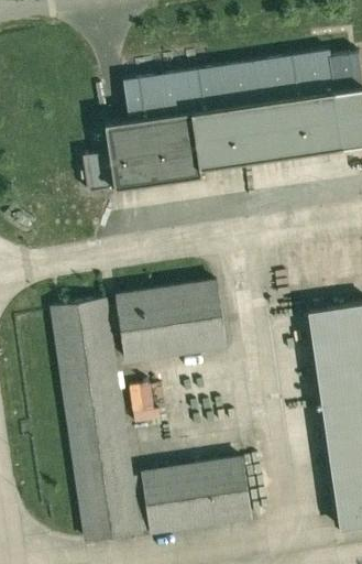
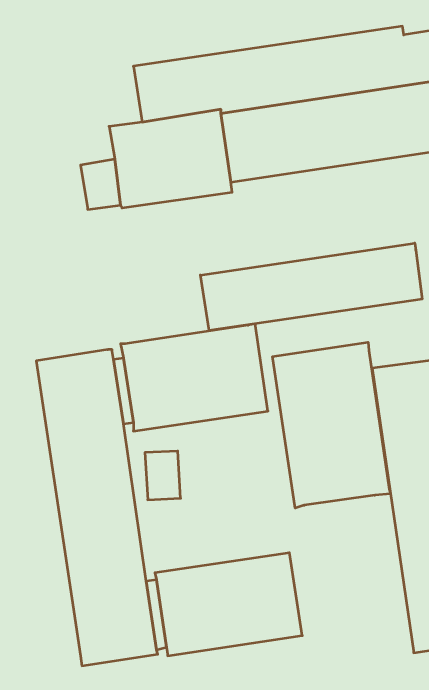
building: none -> [200,243,422,331]
building: none -> [273,342,391,508]

